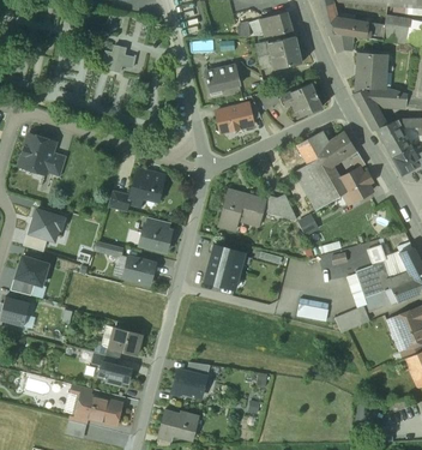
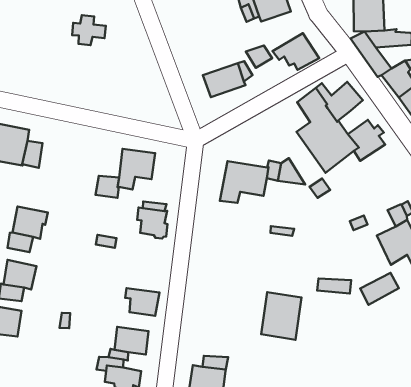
building: [207,66,240,91] -> none
building: [206,245,246,290] -> [261,292,301,340]
building: [126,257,157,284] -> [125,288,159,316]

